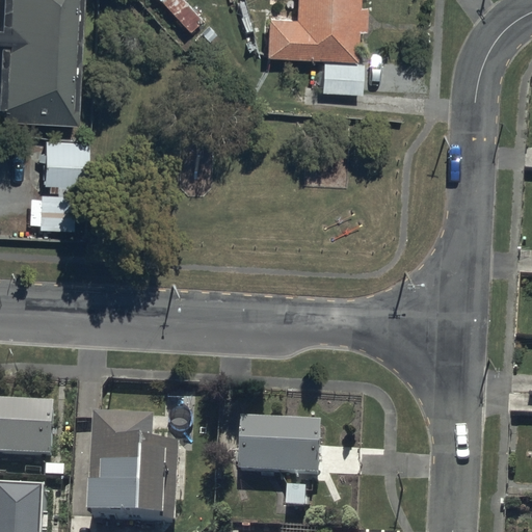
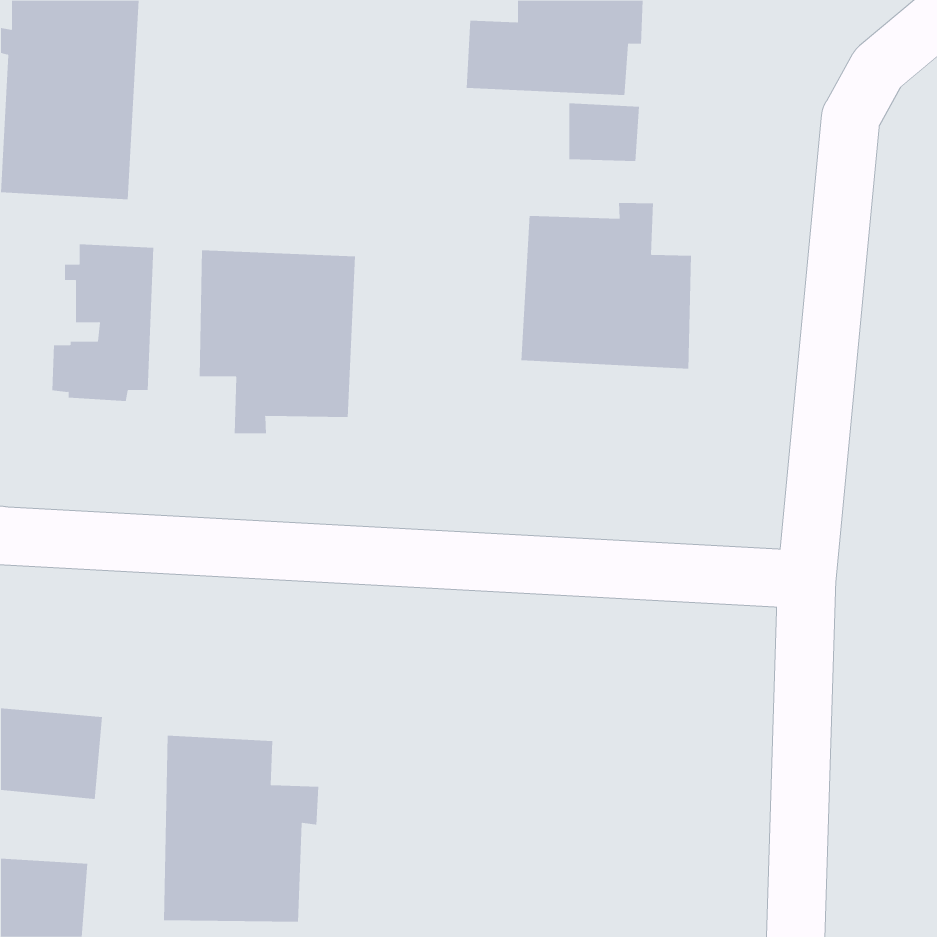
building: none -> [521,202,692,369]
building: none -> [199,250,355,434]
building: [237,418,324,478] -> none

